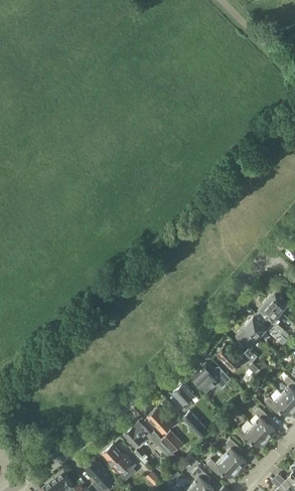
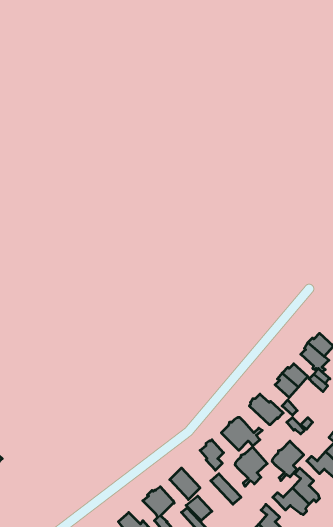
building: none -> [272,441,304,481]
building: none -> [235,447,267,486]

